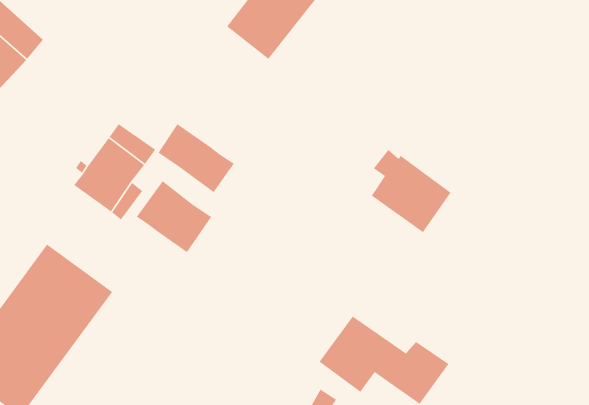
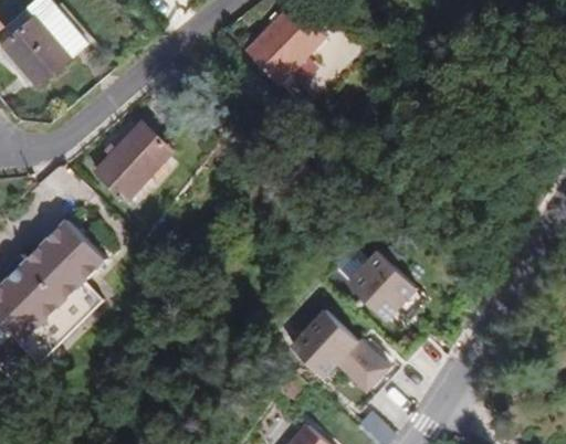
building: [157,123,235,193] -> none
building: [371,149,451,233] -> [345,246,415,323]
building: [136,180,212,253] -> none

